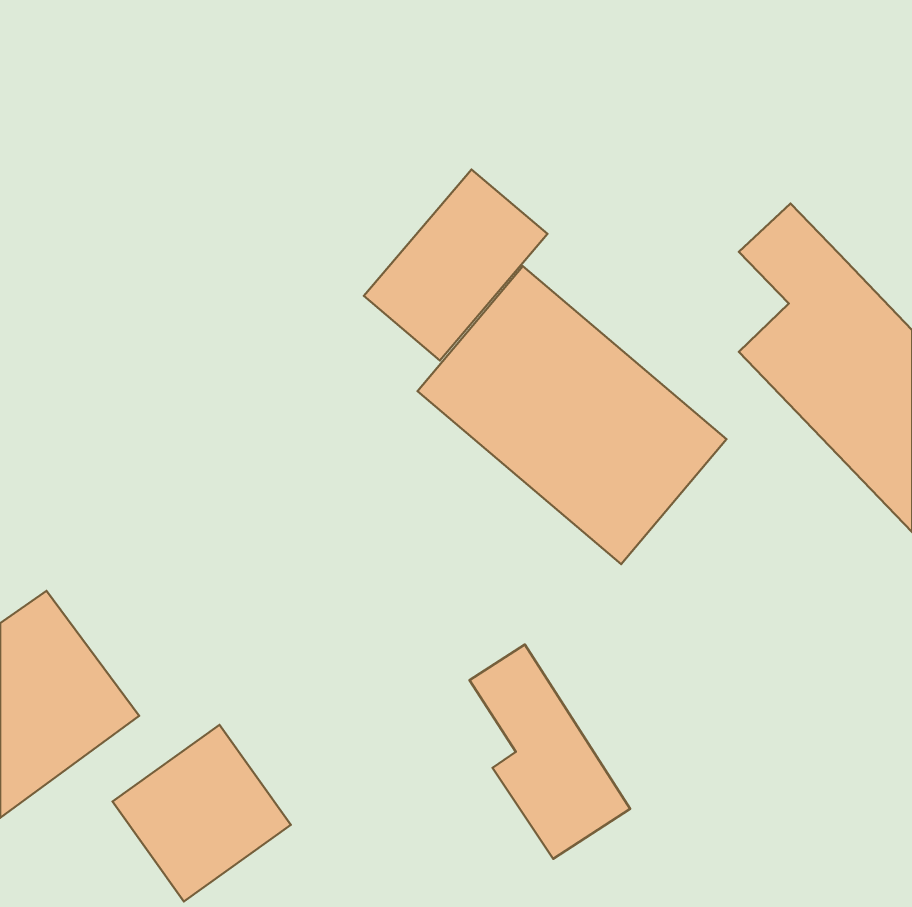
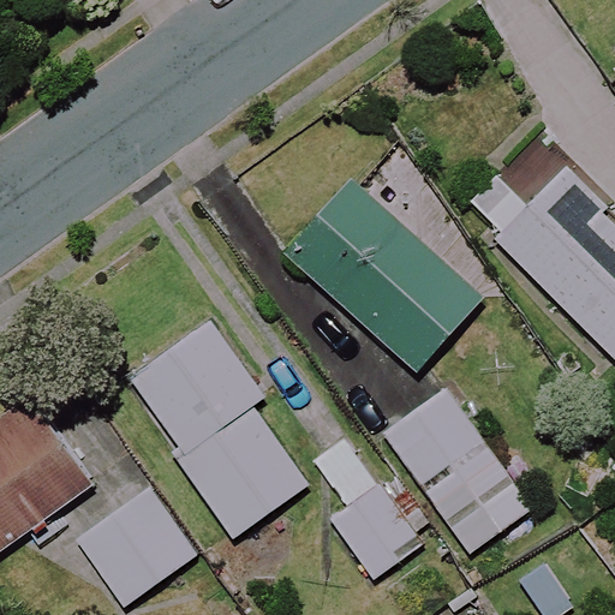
building: [364,169,548,360] -> none
building: none -> [127,321,310,537]
building: none -> [384,389,533,551]

